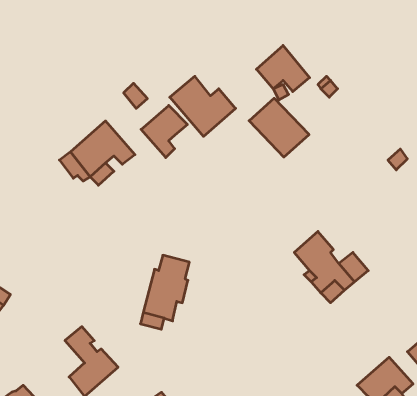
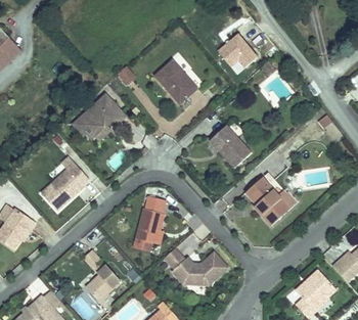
building: [249,98,309,157] -> [213,126,257,169]
building: [141,105,187,158] -> none
building: none -> [40,157,91,212]
building: none -> [163,247,229,285]

